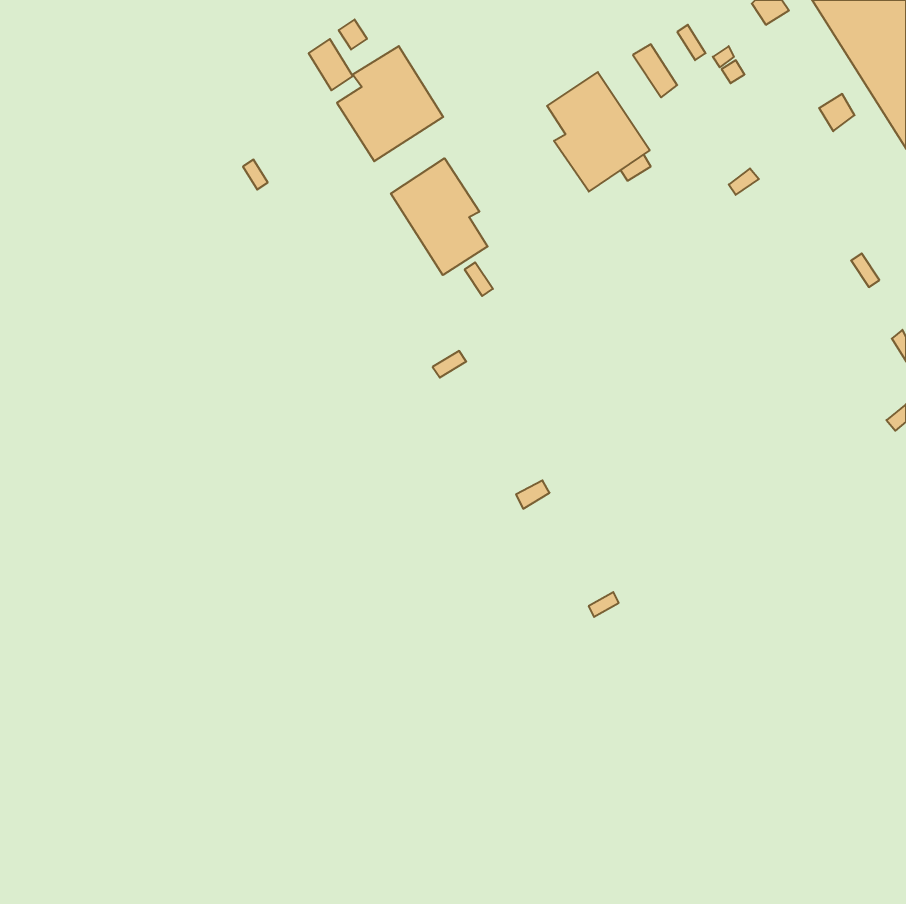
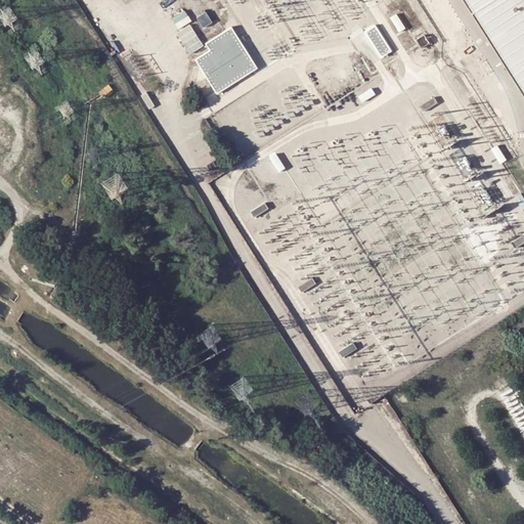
building: [547,72,650,192] -> none
building: [391,158,488,275] -> none

